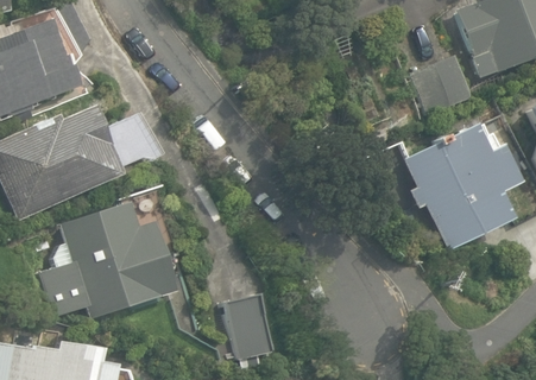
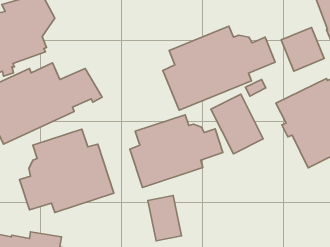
building: none -> [163,26,275,110]
building: none -> [211,94,263,154]
building: none -> [130,115,223,187]

